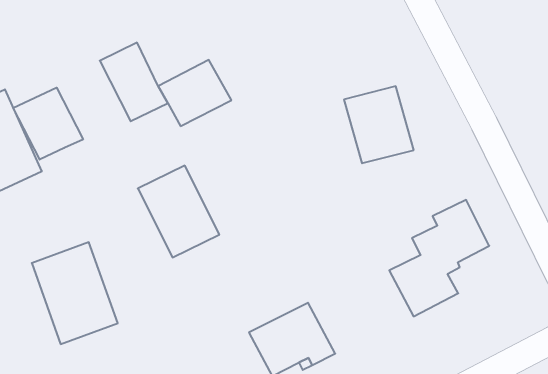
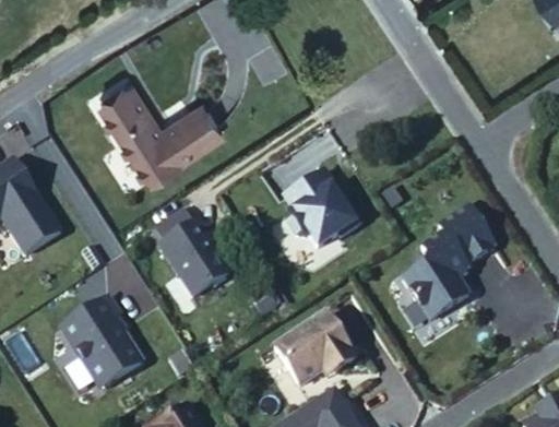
building: [344,86,414,163] -> [281,162,352,238]
building: [13,88,83,160] -> none
building: none -> [138,146,186,189]

